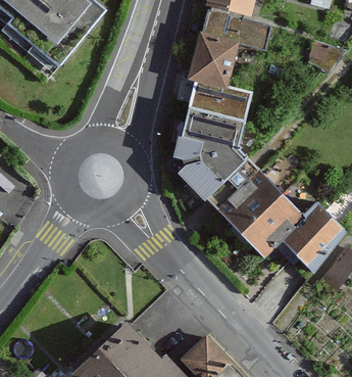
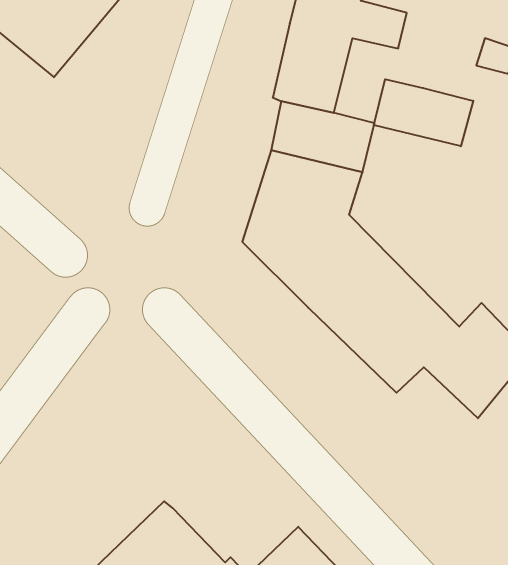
building: none -> [374,79,473,146]

